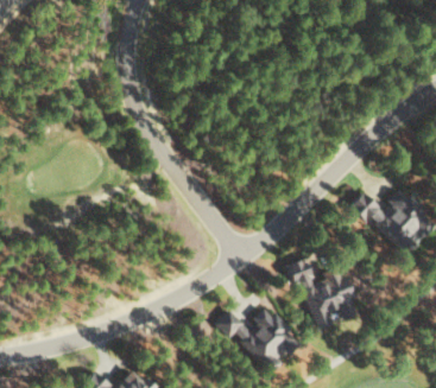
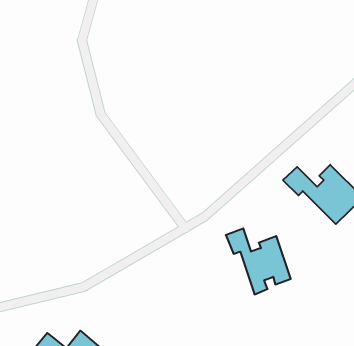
building: [216,310,301,374] -> none

